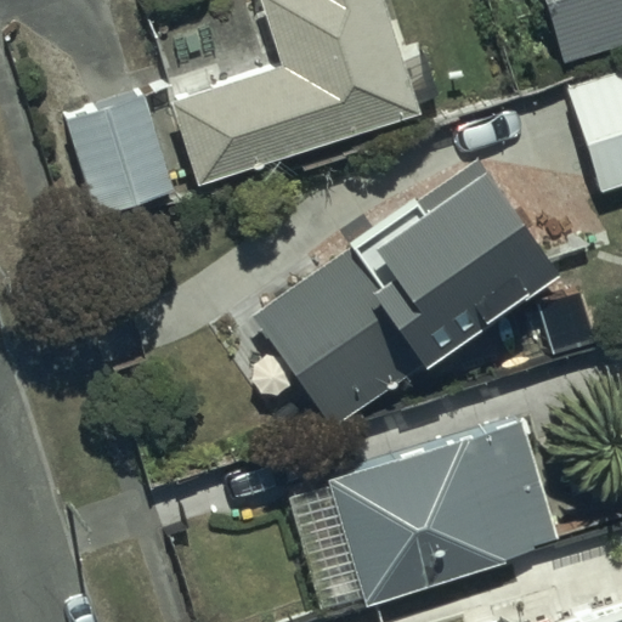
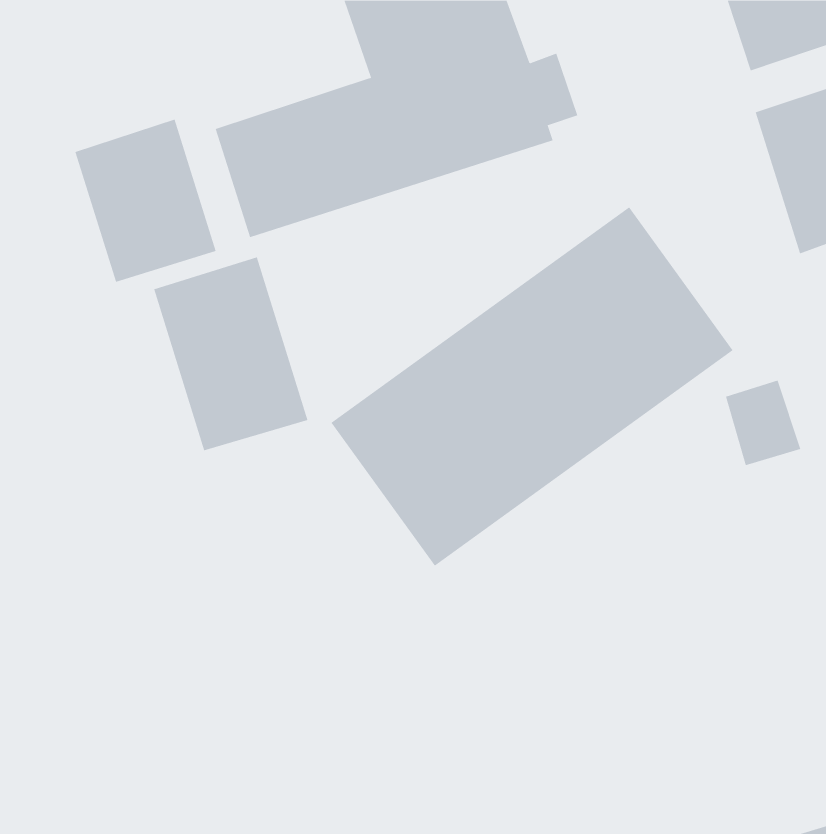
building: none -> [154,256,308,451]
building: [327,422,558,605] -> none

